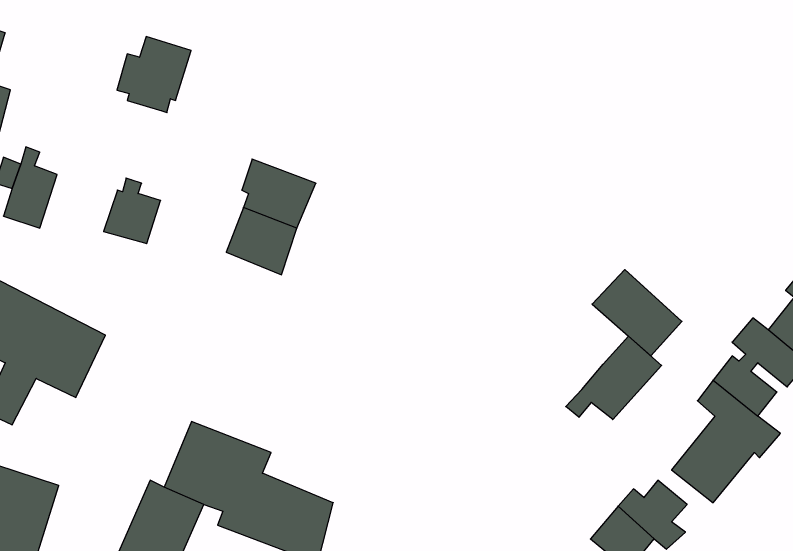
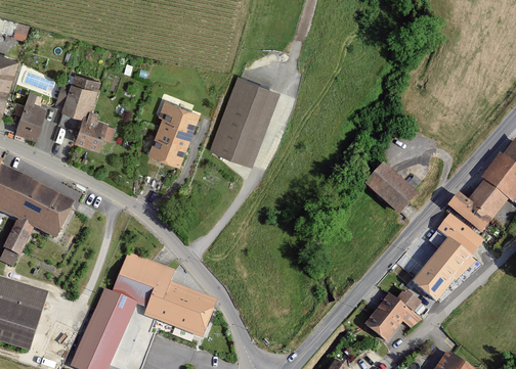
building: [117,37,191,113] -> [56,73,100,118]
building: none -> [209,76,281,165]
building: [566,336,662,420] -> none

